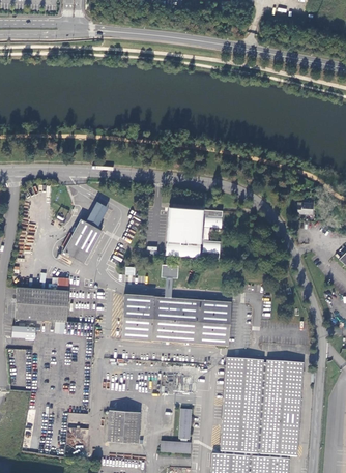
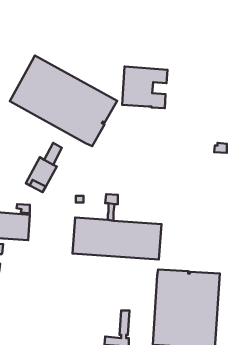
building: none -> [10,56,117,146]
building: [165,206,221,258] -> [122,66,167,108]
building: [105,410,138,444] -> none

